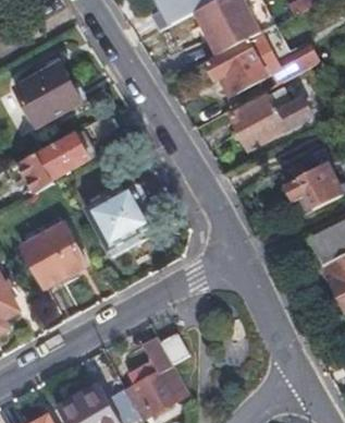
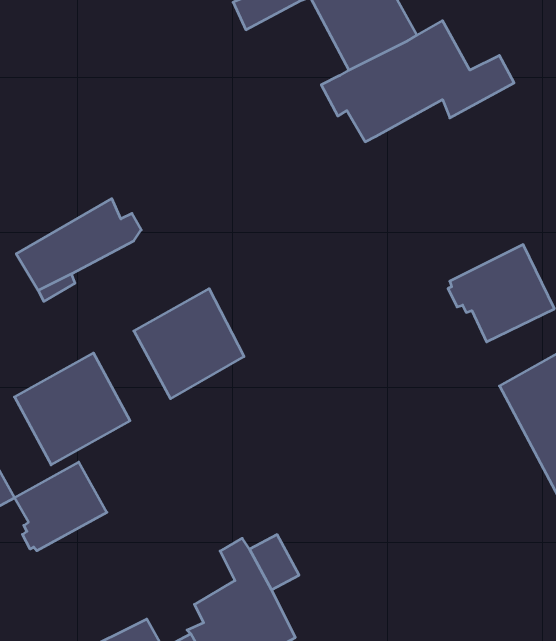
building: [16,65,83,129] -> none
building: [230,88,310,149] -> none
building: none -> [14,462,107,551]

